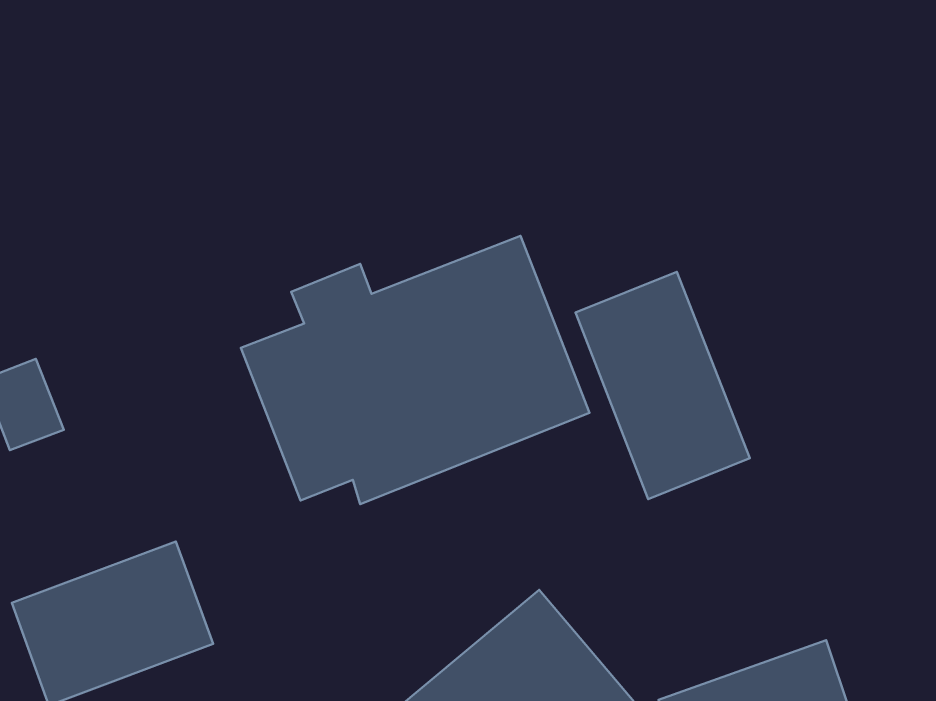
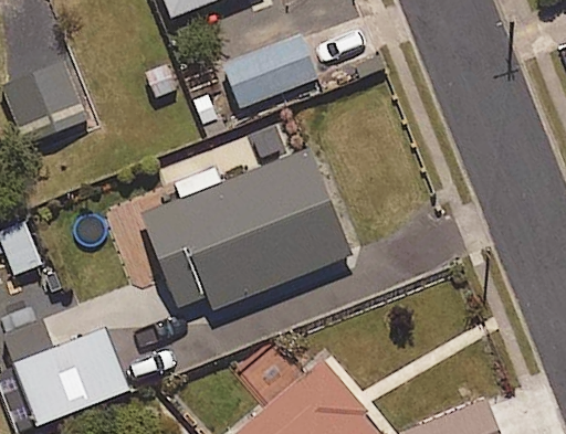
building: none -> [221,30,318,107]
building: [575,272,750,499] -> none

